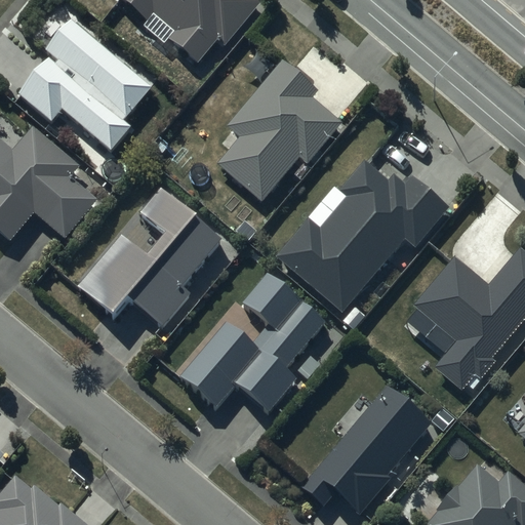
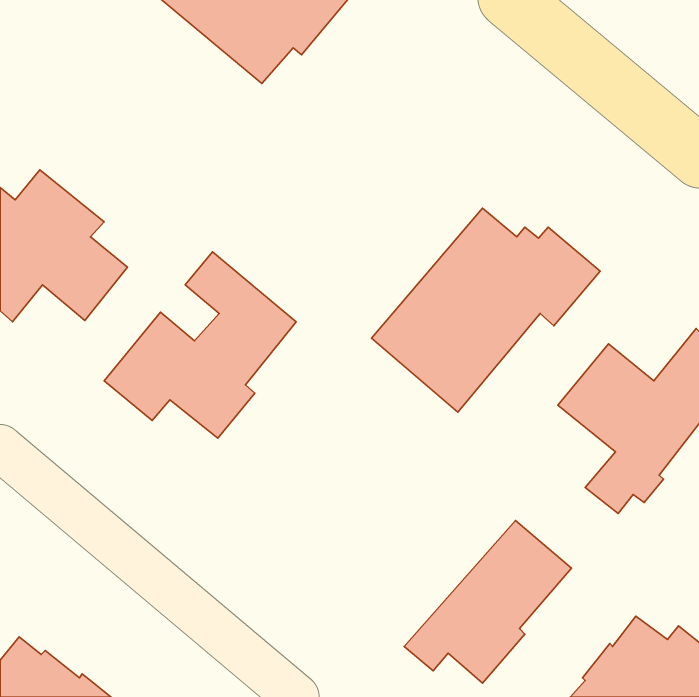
building: [19,22,153,152] -> none
building: [217,57,344,200] -> none
building: [180,274,325,412] -> none

